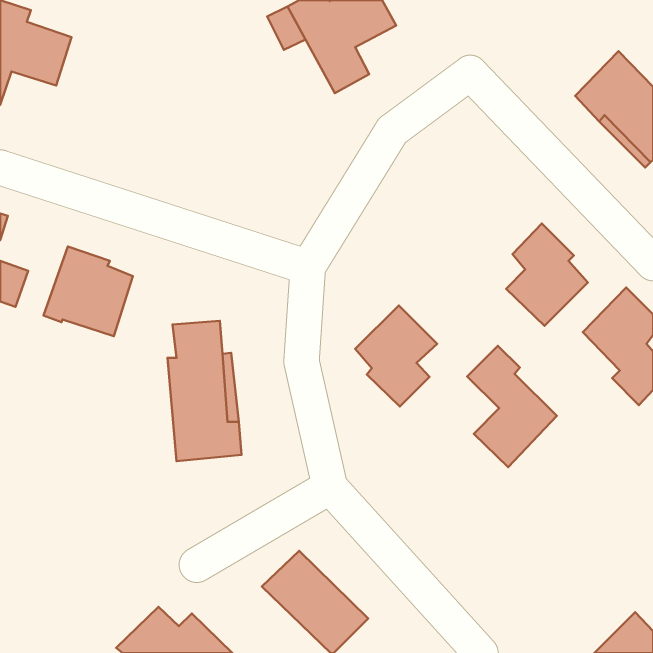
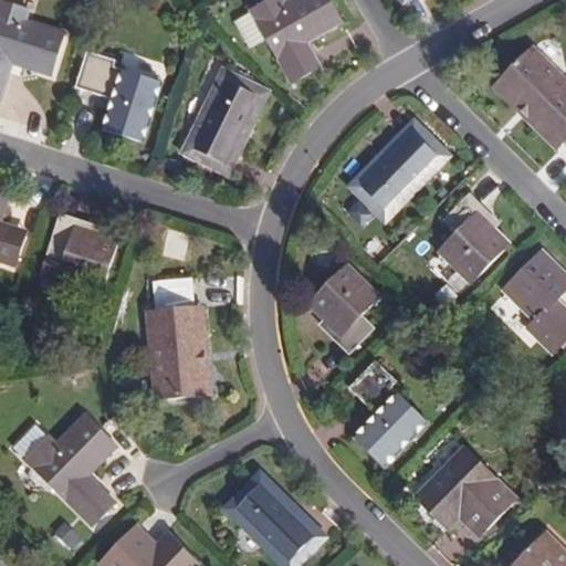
building: none -> [75,52,158,140]
building: none -> [184,75,264,171]
building: none -> [353,122,444,214]
building: [467,346,557,467] -> [349,361,427,467]
building: none -> [24,418,117,527]
building: none -> [417,448,517,537]

